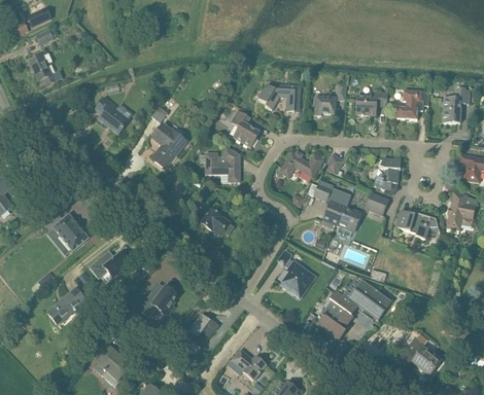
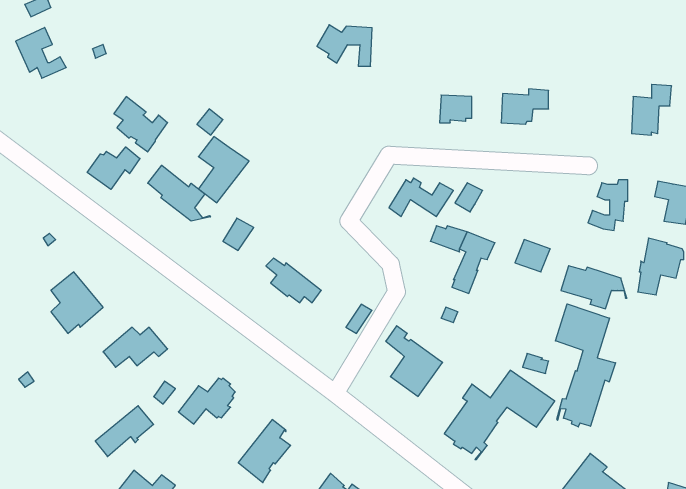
building: [258,83,296,111] -> [317,25,372,66]
building: [396,89,429,119] -> none
building: [231,109,260,147] -> none
building: none -> [87,147,140,189]
building: none -> [148,165,210,221]
building: [206,147,240,181] -> none
building: [374,155,401,189] -> [588,180,628,230]
building: [336,205,361,237] -> none
building: none -> [555,304,616,427]
building: [47,288,87,322] -> [95,406,154,457]

